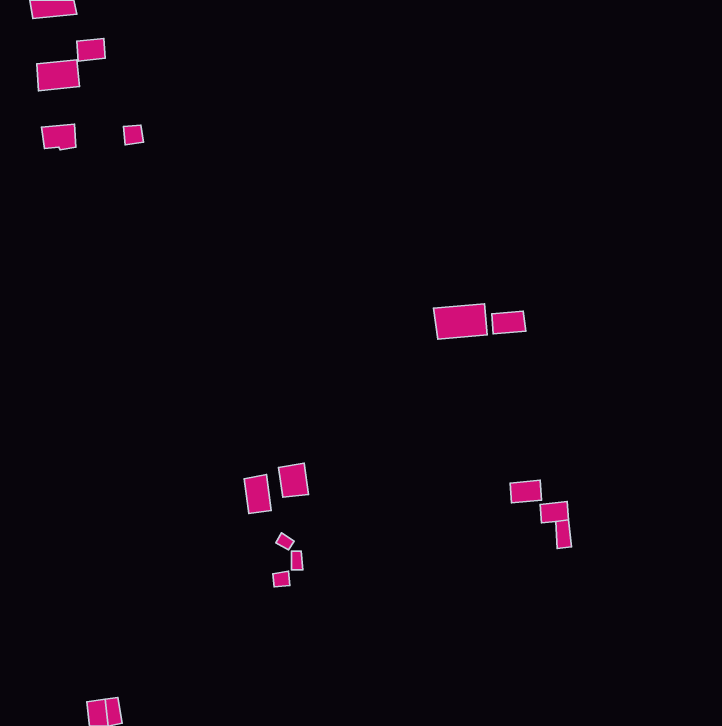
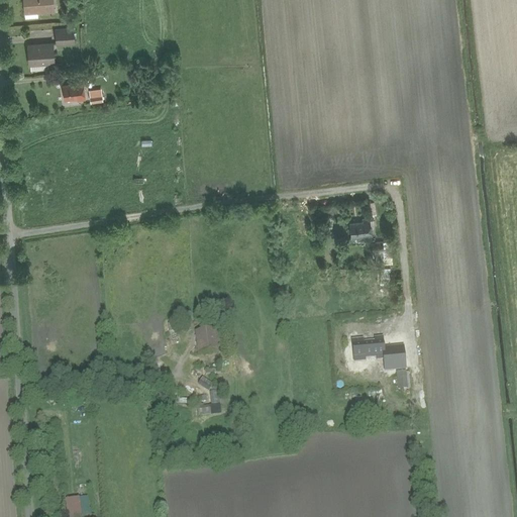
building: [42,124,76,150] -> [62,83,86,101]
building: [434,304,487,339] -> none
building: [244,475,271,513] -> none

